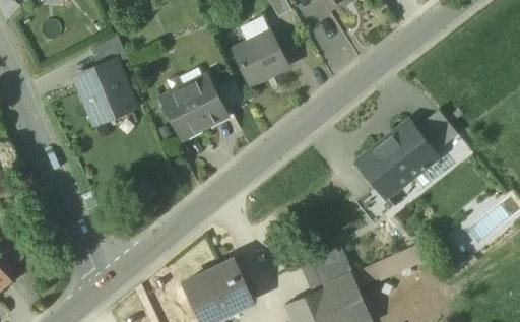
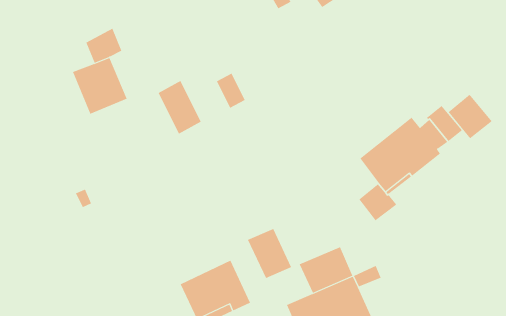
building: [234,31,287,84] -> none
building: [185,75,229,127] -> none
building: none -> [448,94,493,139]
building: none -> [247,228,292,279]

